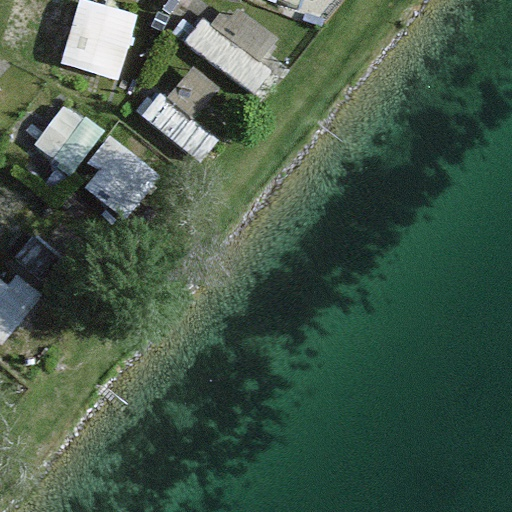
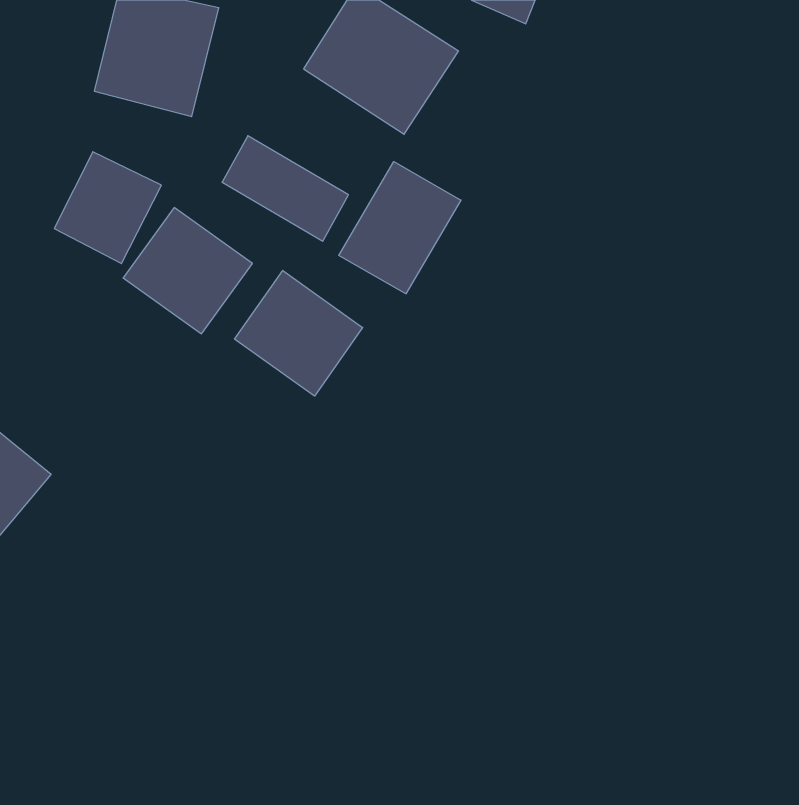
building: none -> [339,162,461,294]
building: none -> [235,270,363,396]

